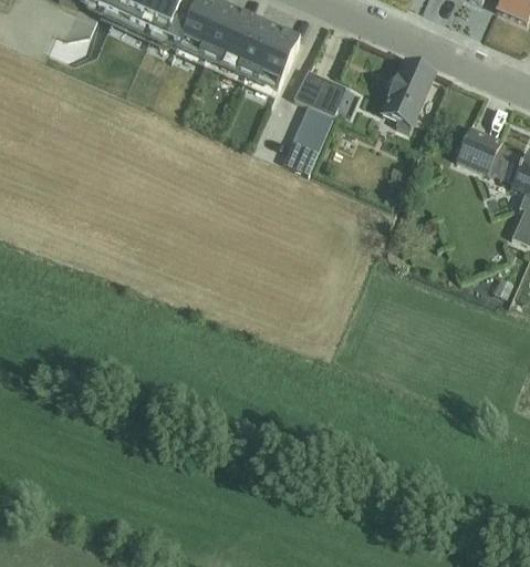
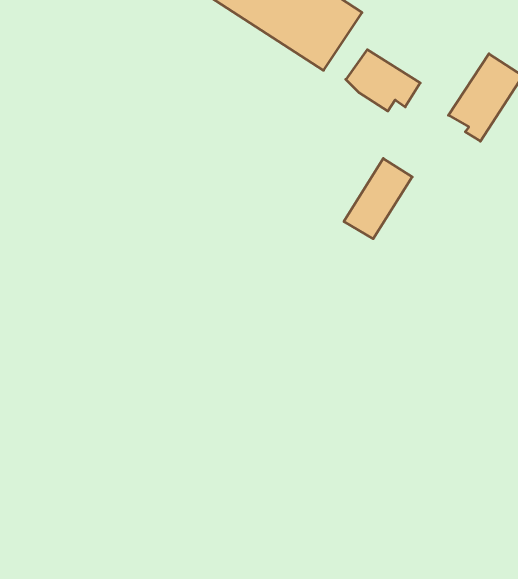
building: [284,103,333,168] -> [344,158,412,239]

